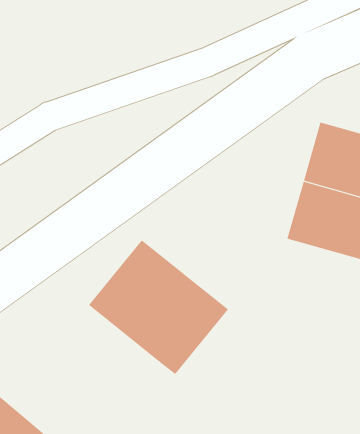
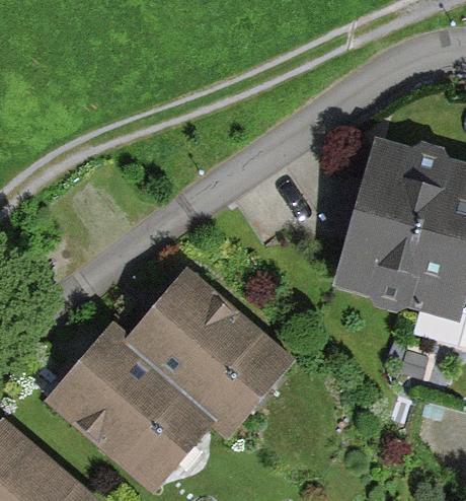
building: none -> [57,336,207,480]

